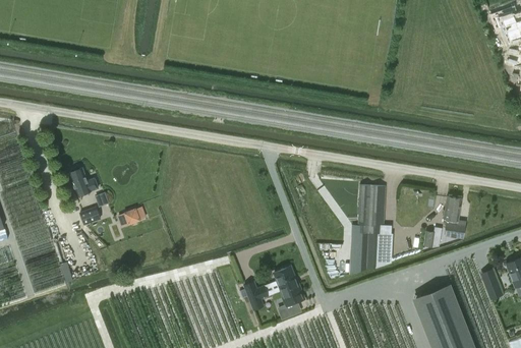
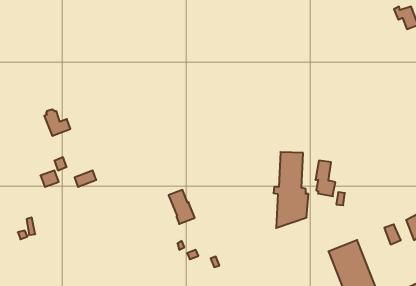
building: [68,168,99,198] -> [44,110,70,136]
building: [443,198,466,240] -> [315,161,335,196]
building: [274,268,304,307] -> [169,190,195,224]

